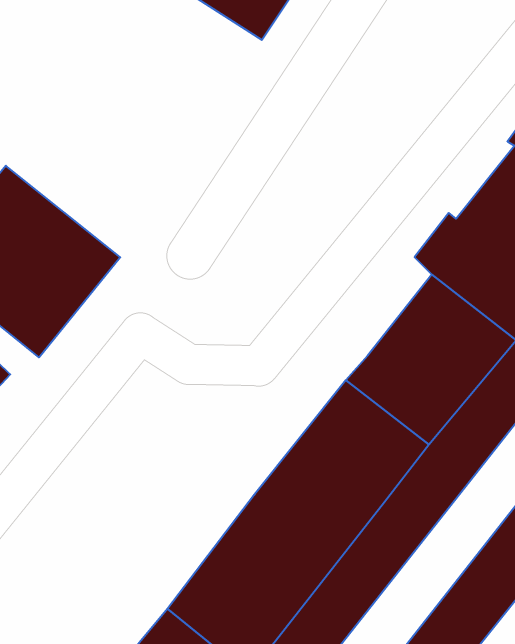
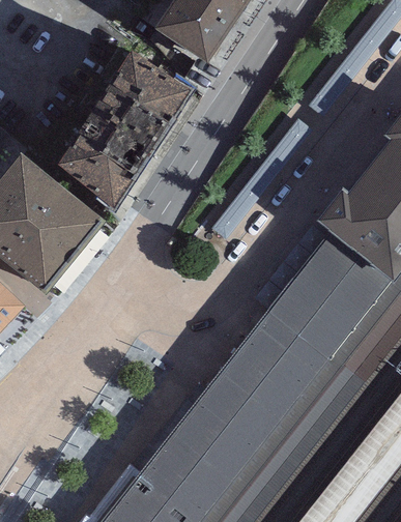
building: none -> [54,54,192,210]

